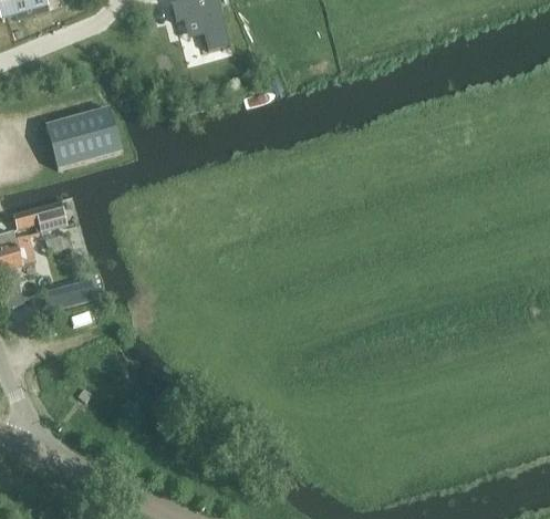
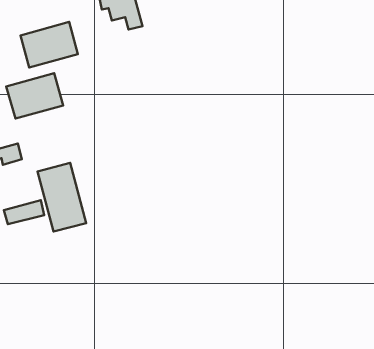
building: none -> [20,22,78,68]
building: none -> [37,163,86,232]

